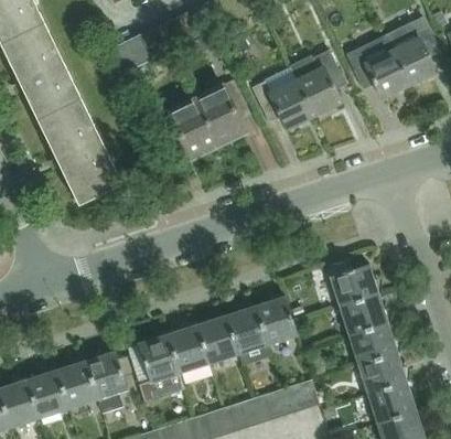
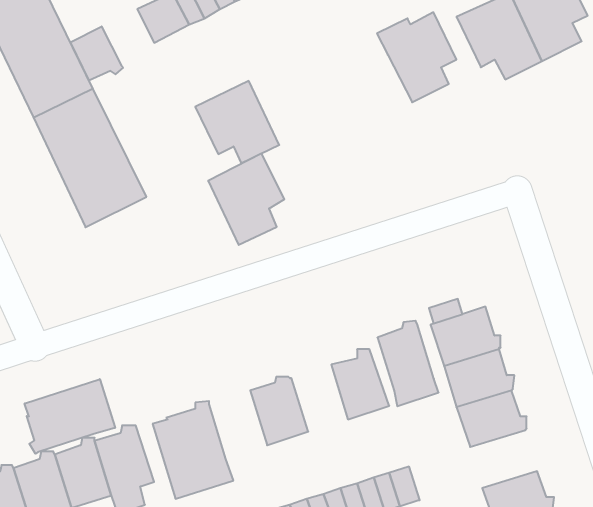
building: none -> [70,26,123,80]
building: [196,81,251,147] -> [208,153,284,245]
building: [254,82,314,129] -> none
building: [227,303,271,365] -> [377,321,439,406]
building: none -> [25,379,115,454]
building: [168,322,210,374] -> none
building: [356,353,407,395] -> none

